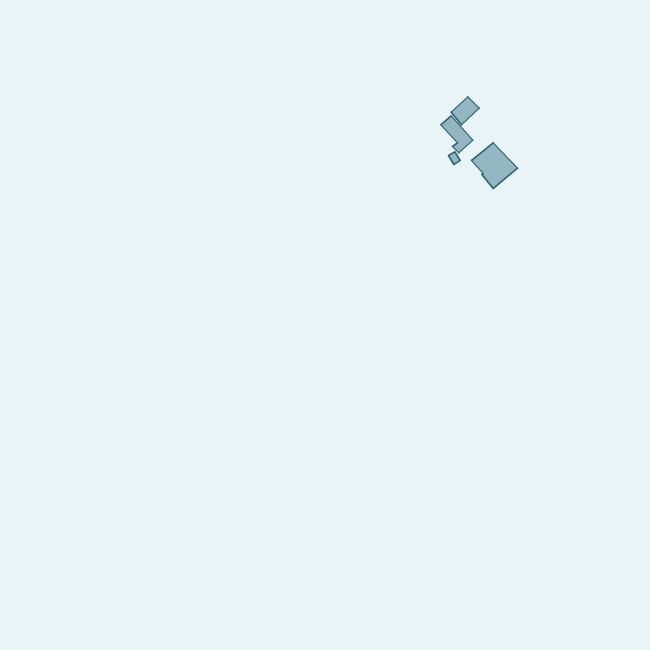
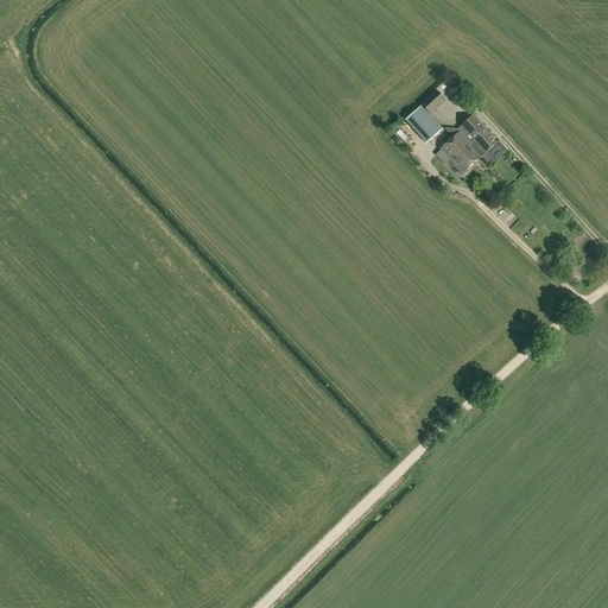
building: none -> [457,118,495,158]

